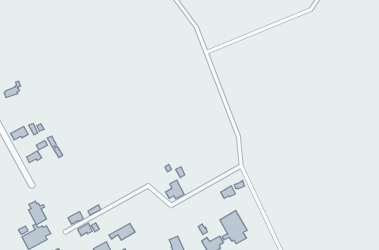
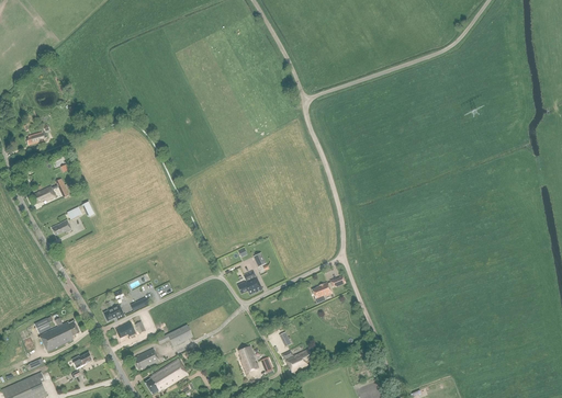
building: [29,201,46,225] -> none
building: [220,210,247,244] -> none

